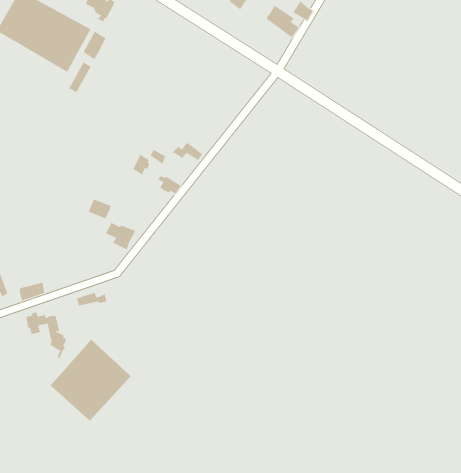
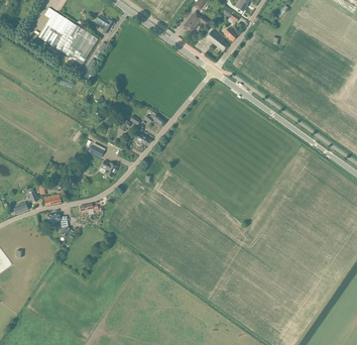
building: [50,339,132,421] -> none

